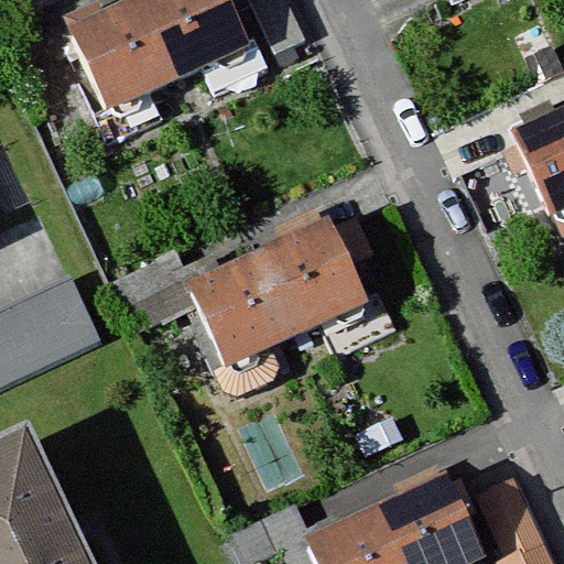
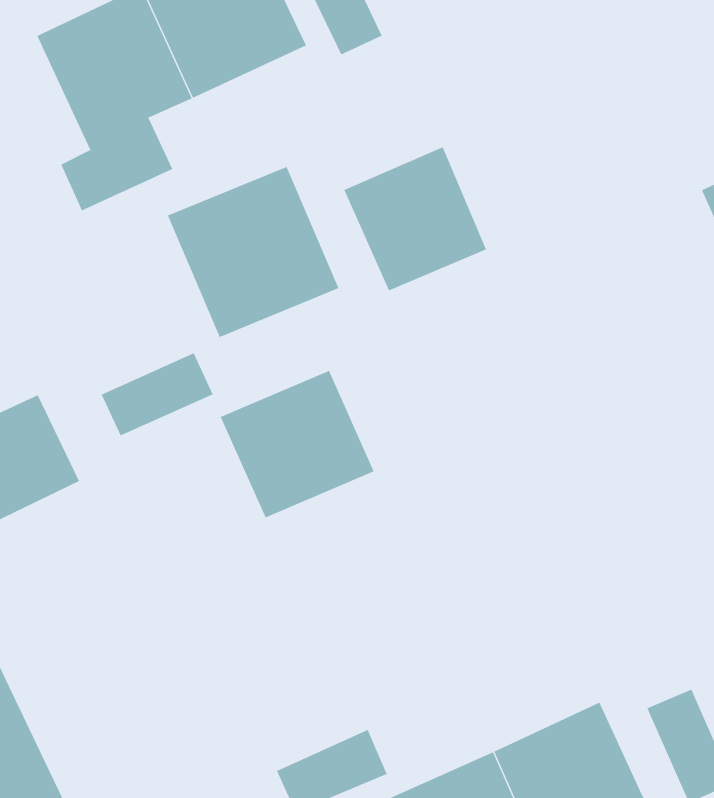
building: none -> [167,166,339,338]
building: [269,231,367,330] -> [343,146,487,291]

